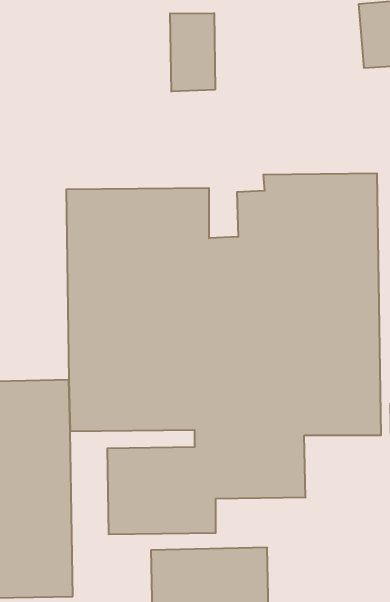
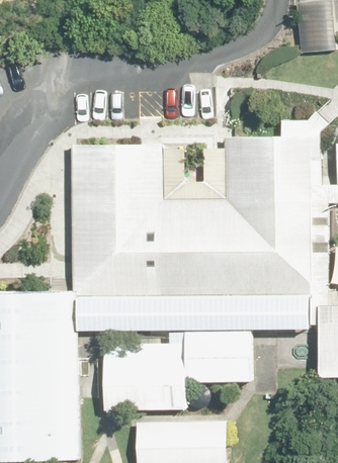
building: [170,13,215,92] -> none

